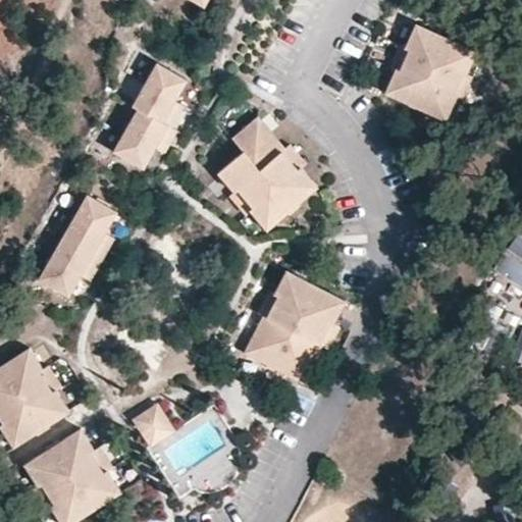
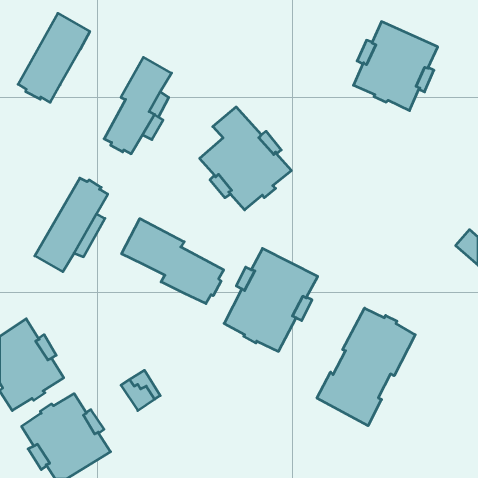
building: none -> [18,13,90,102]
building: none -> [122,219,224,304]
building: none -> [317,308,415,426]

